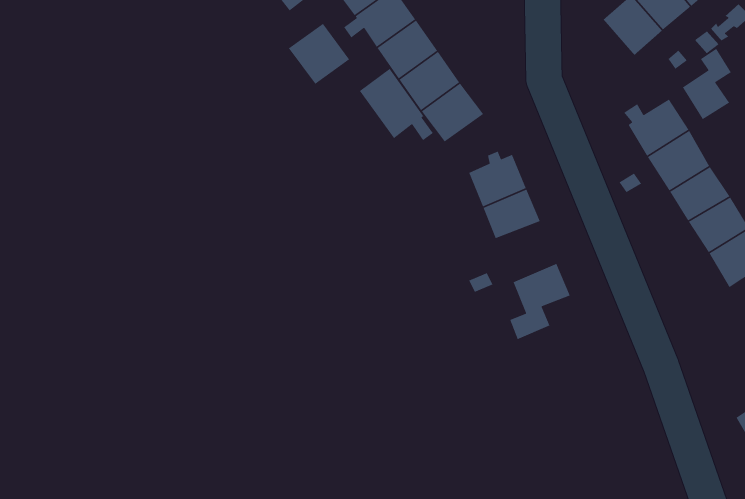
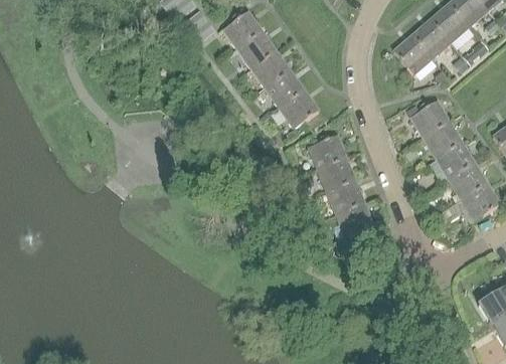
building: [288,23,350,85] -> none
building: [682,48,732,120] -> none
building: [359,68,434,141] -> none
building: none -> [326,179,365,217]

